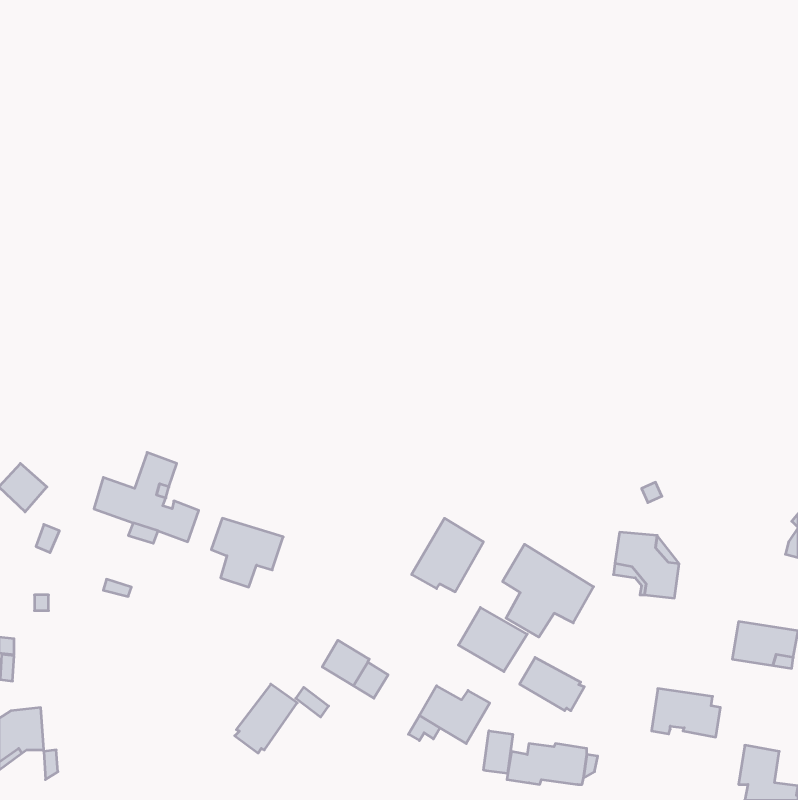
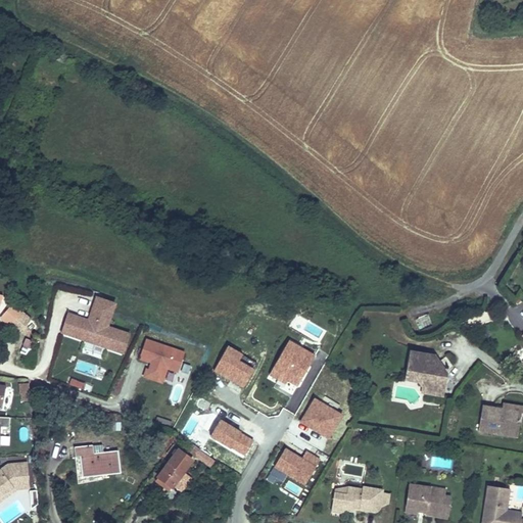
building: none -> [213,345,254,387]
building: [503,544,594,637] -> none
building: [520,657,584,711] -> none
building: none -> [74,443,121,476]
building: [652,689,720,737] -> [406,484,450,516]
building: [484,731,513,774] -> none

